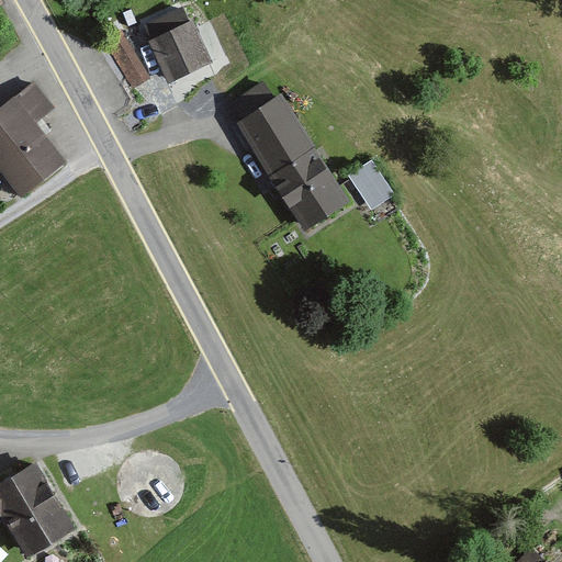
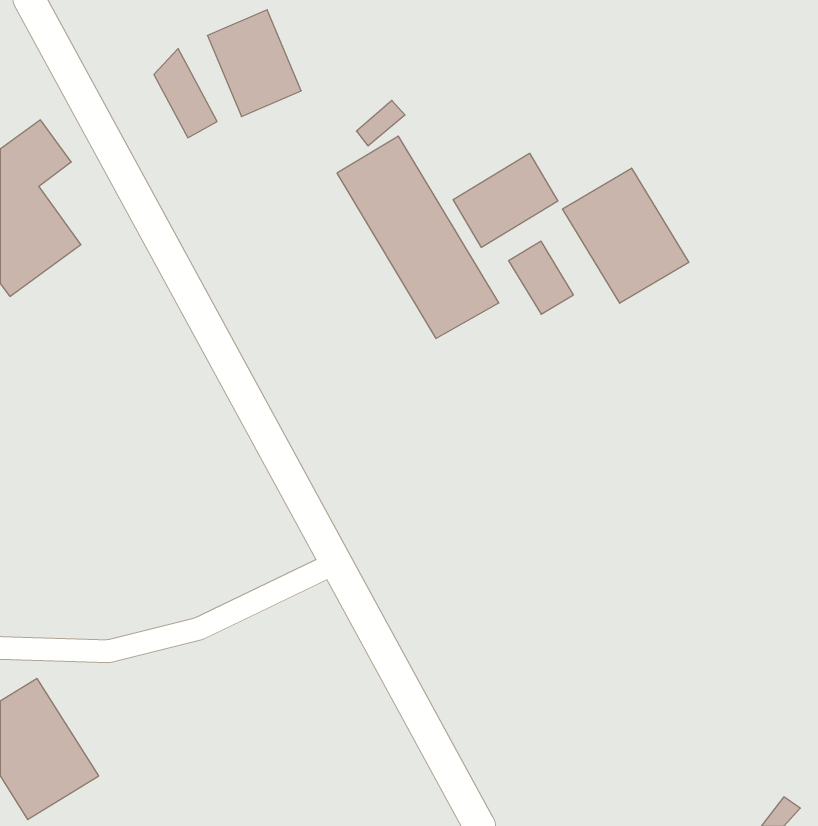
building: none -> [453,153,558,247]
building: none -> [563,168,689,303]

